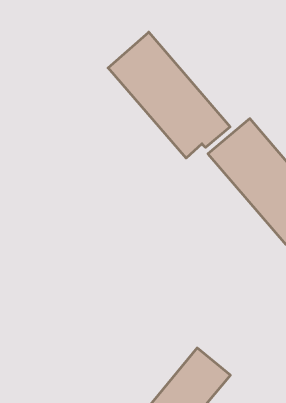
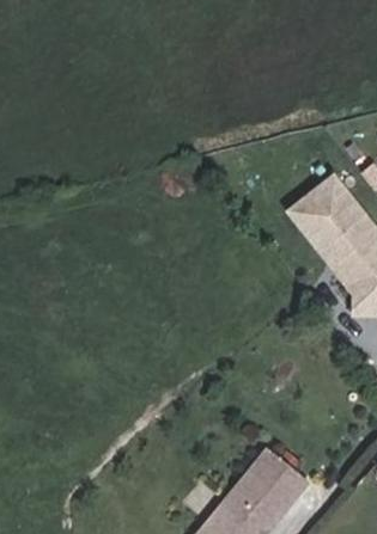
building: [108,32,230,158] -> none

